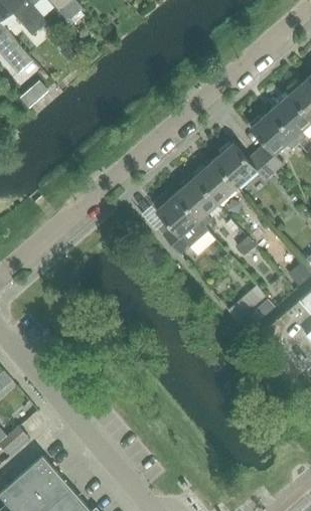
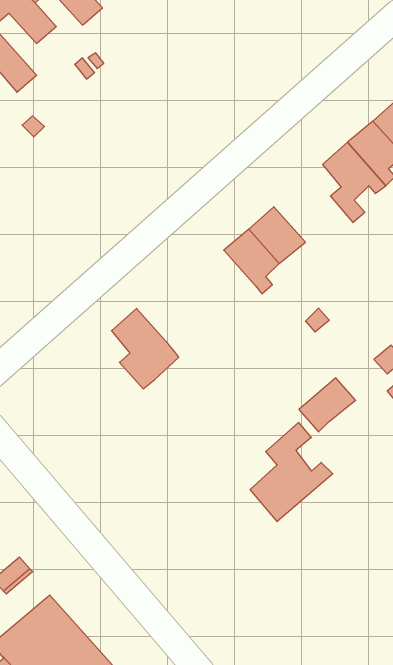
building: [213,143,274,187] -> none
building: [156,193,207,254] -> [111,308,179,389]
building: none -> [250,422,333,522]

